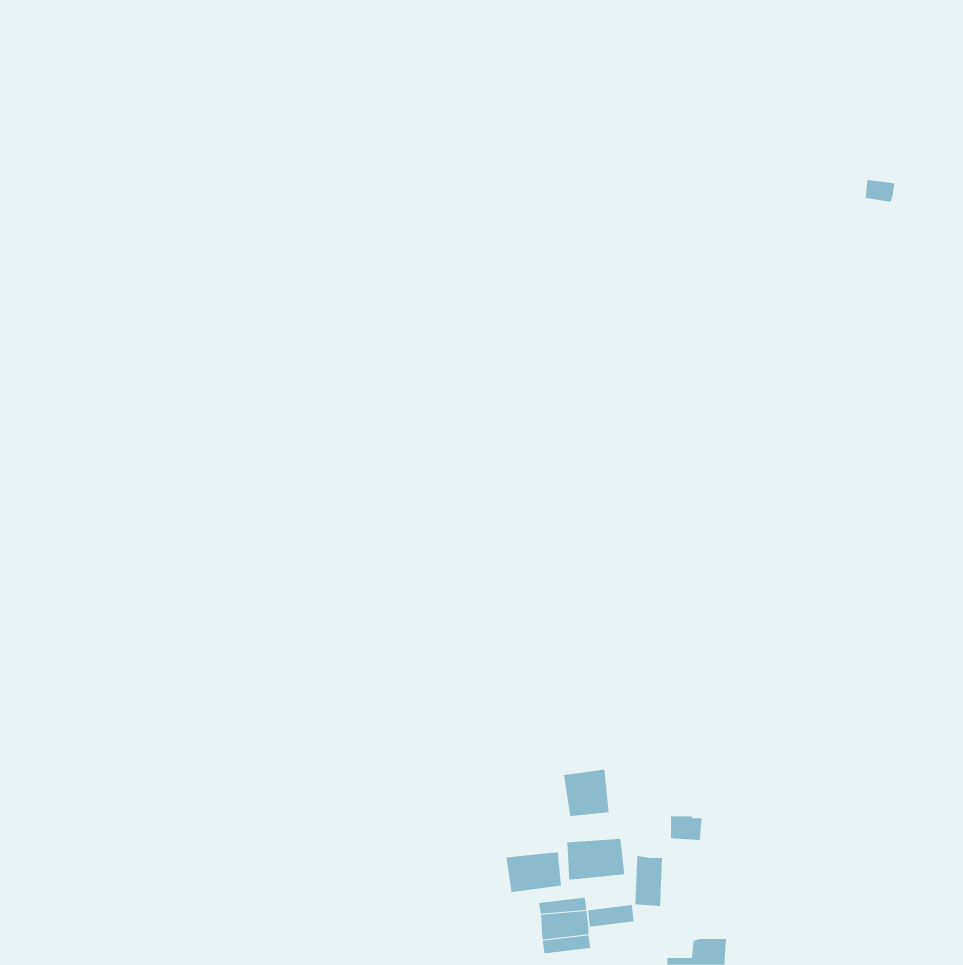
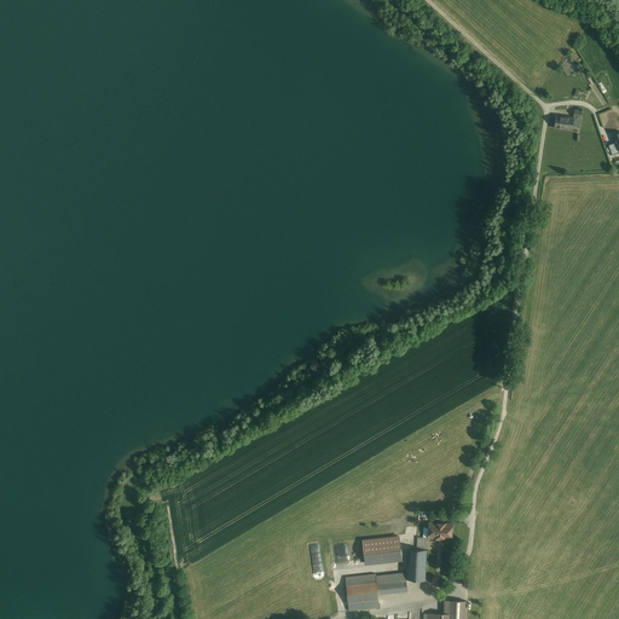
building: [564,769,609,817] -> none
building: [506,852,561,893] -> none

